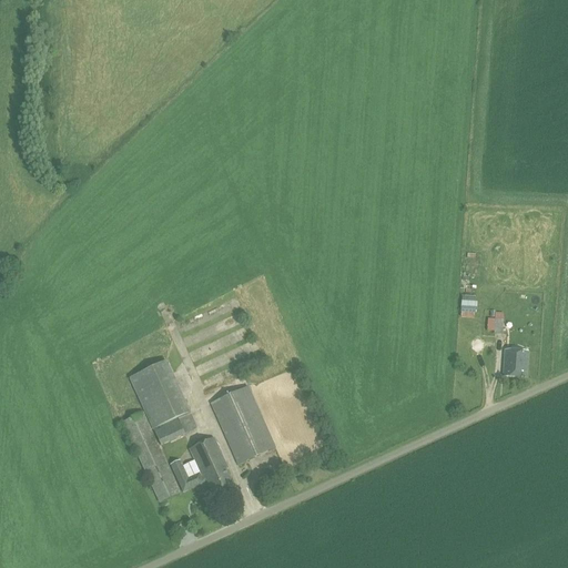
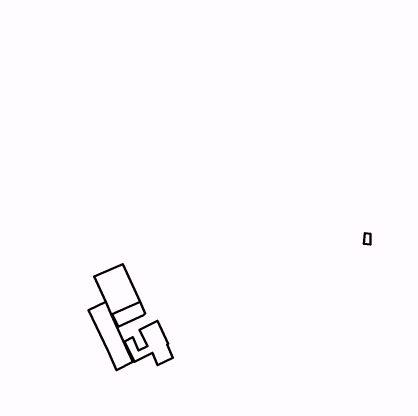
building: [501,346,527,375] -> none
building: [210,383,275,463] -> none

